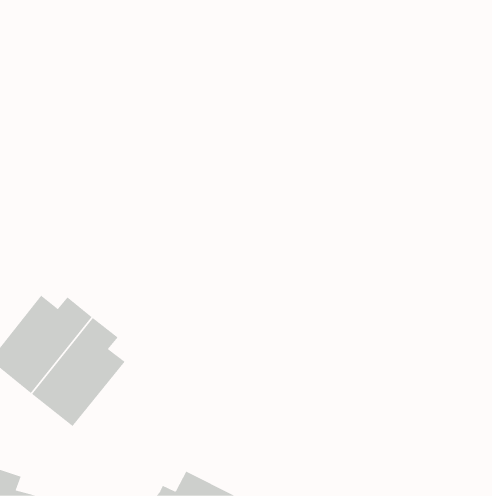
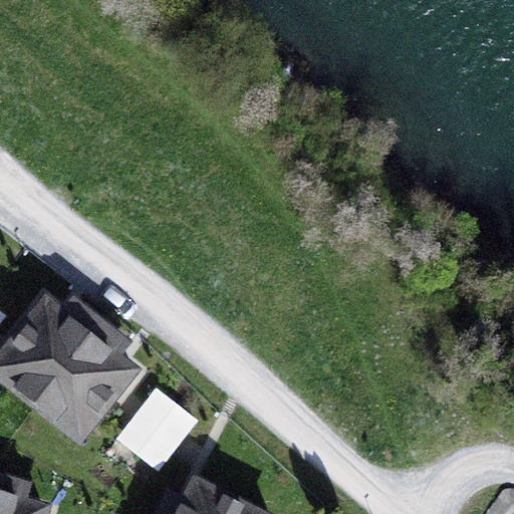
building: none -> [121,380,205,465]

